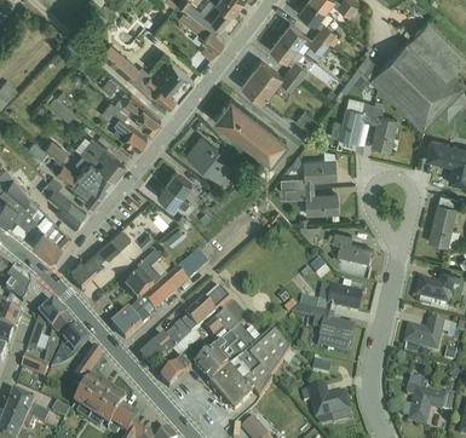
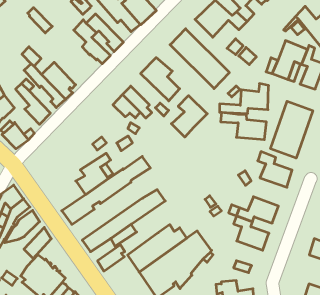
building: [74,133,125,180] -> none
building: none -> [271,101,313,158]
building: none -> [171,96,207,137]
building: [70,230,130,292] -> none
building: [201,311,238,341] -> none

